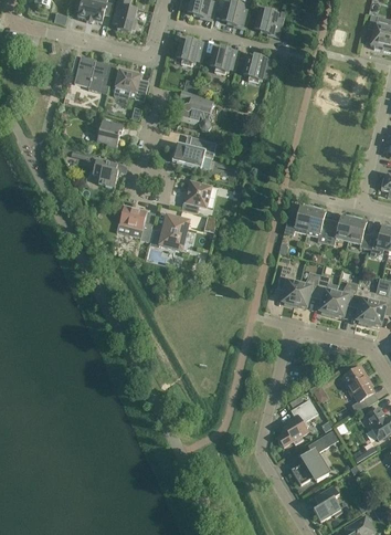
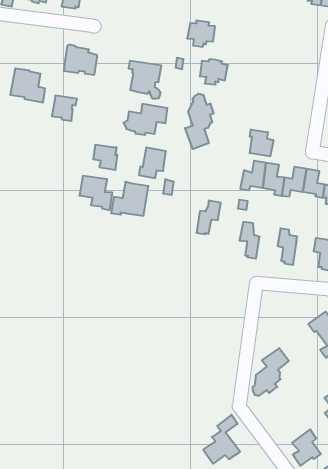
building: [176,38,204,65] -> none
building: [209,46,239,73] -> [200,59,228,85]
building: [73,55,109,93] -> [10,68,45,103]
building: none -> [185,93,214,149]
building: [92,158,117,186] -> [93,145,117,170]
building: none -> [250,129,273,156]
building: [293,272,320,306] -> [196,201,221,234]
building: [330,282,357,315] -> none
building: [290,434,328,483] -> [203,415,240,464]

